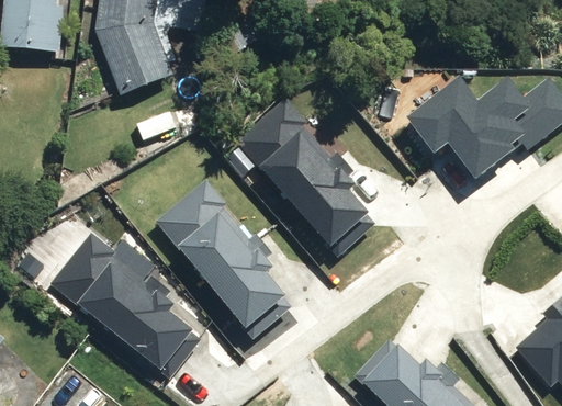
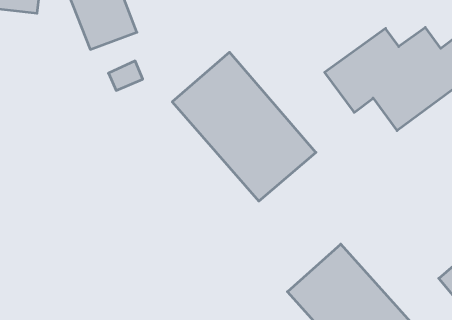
building: [150,180,293,354] -> none
building: [47,229,203,376] -> none

